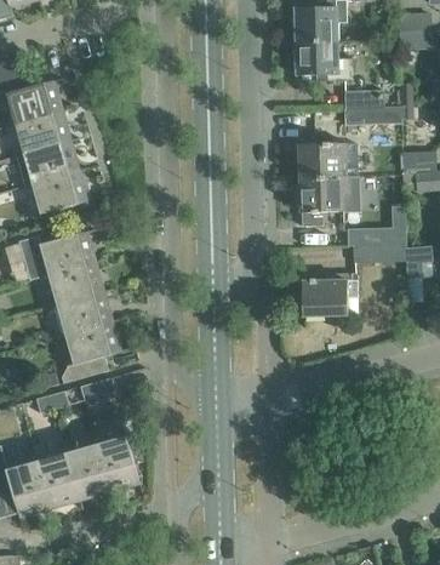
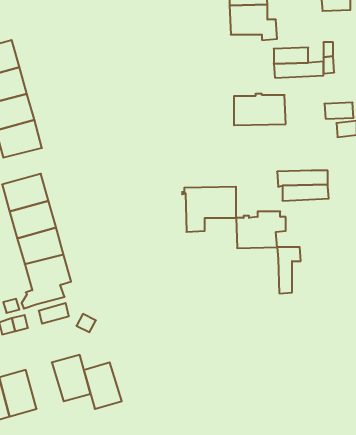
building: [298,176,359,227] -> [182,187,236,232]
building: [406,246,433,298] -> [277,247,301,293]
building: [67,444,109,496] -> [84,362,122,409]

